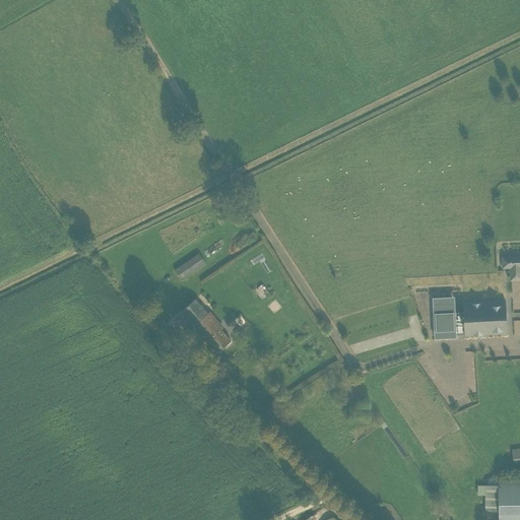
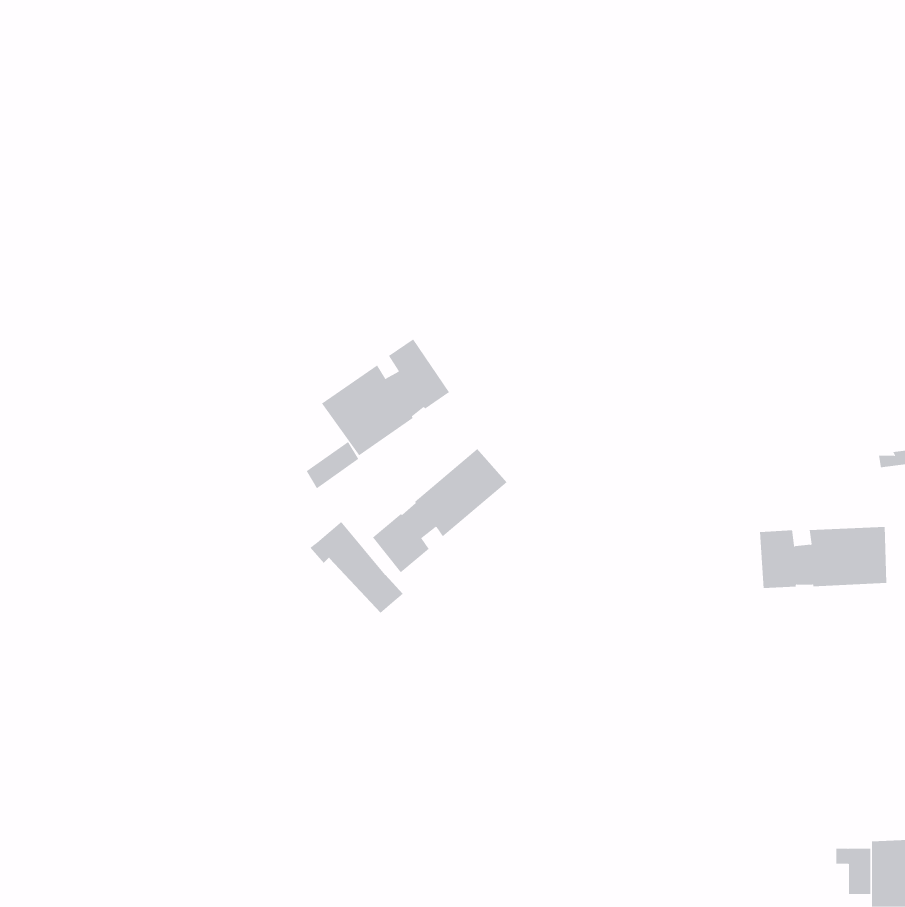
building: none -> [321,339,450,456]
building: none -> [372,448,507,573]

